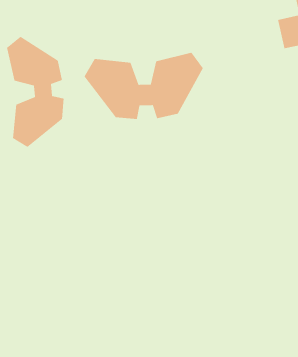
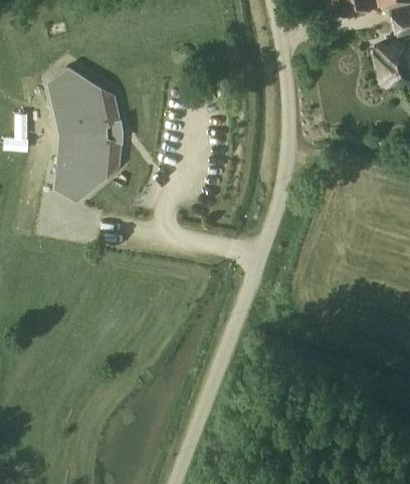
building: [84,52,204,120] -> none

